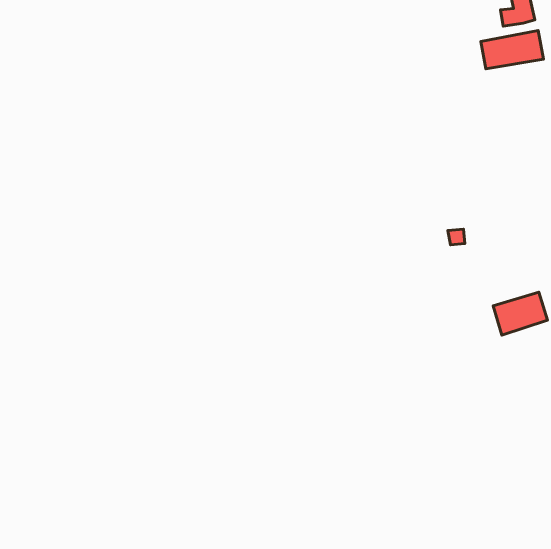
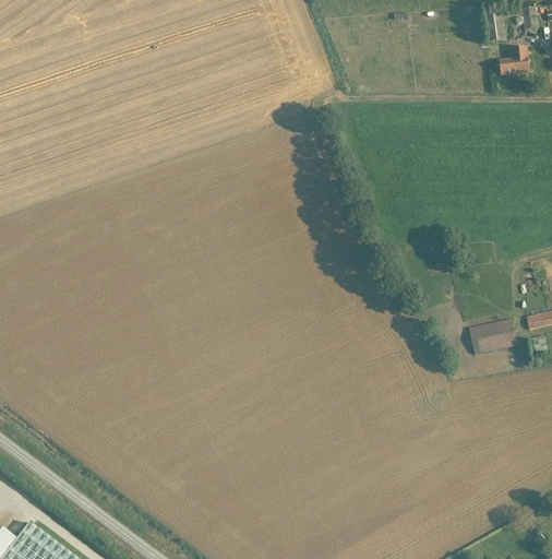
building: [481,30,544,69] -> none

